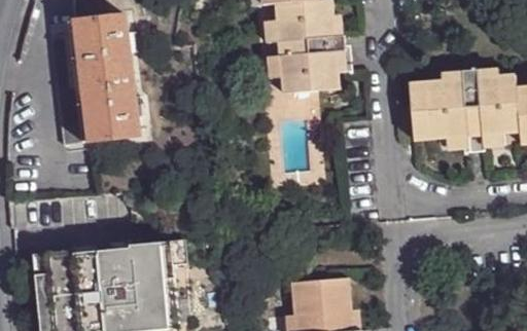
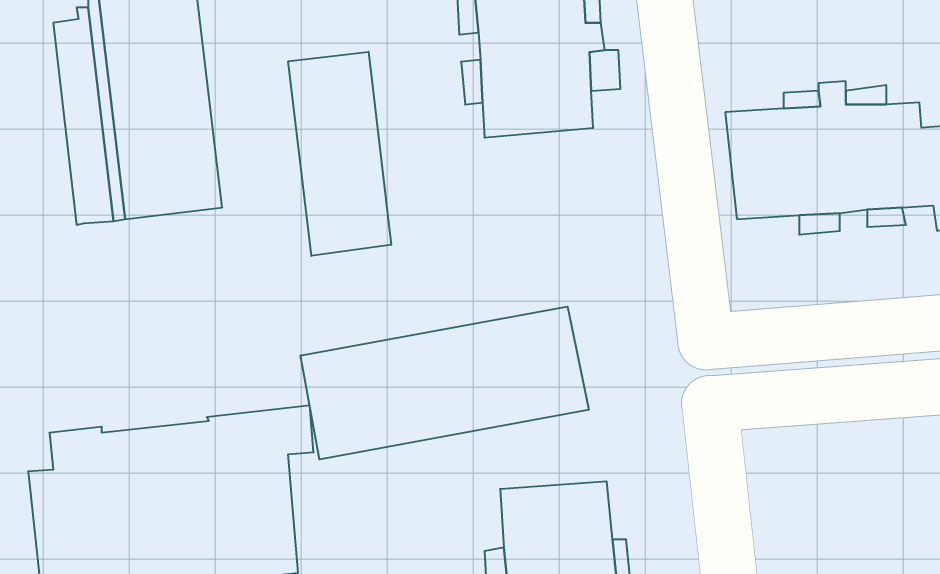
building: none -> [288,52,391,256]
building: none -> [301,307,589,459]

